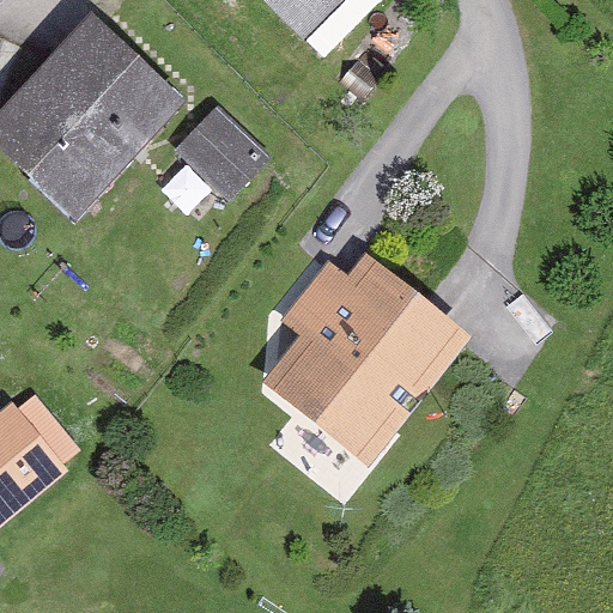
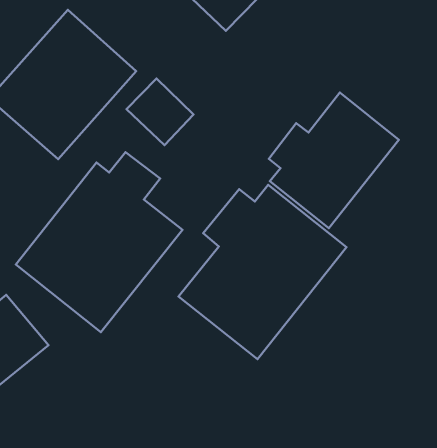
building: none -> [269,93,399,228]
building: none -> [16,152,183,332]

